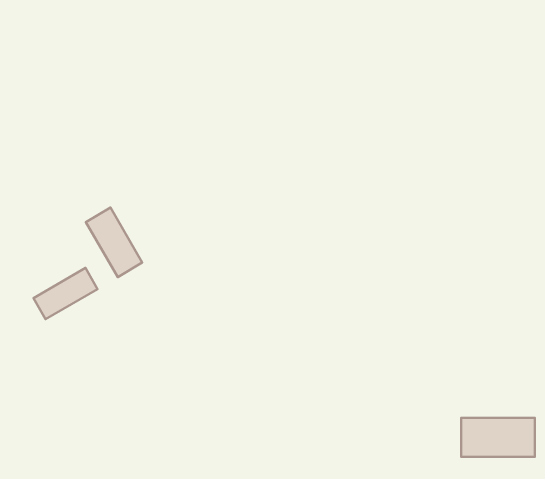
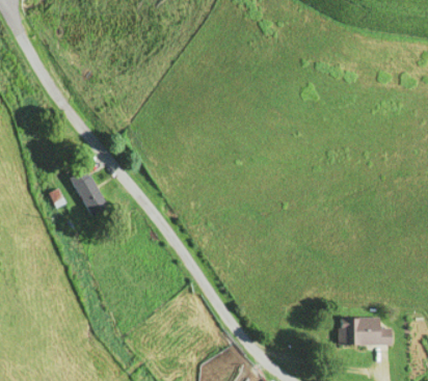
building: [34,268,98,319] -> none

